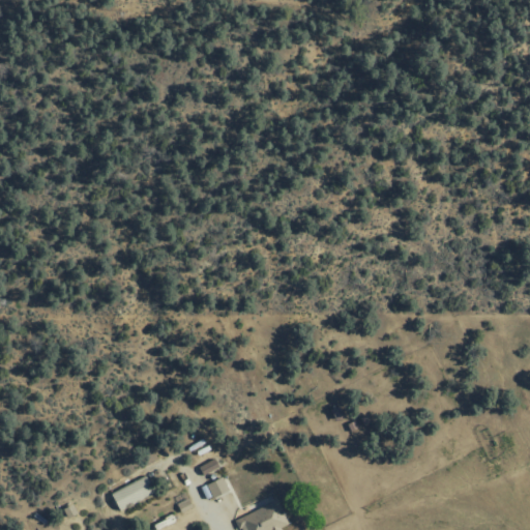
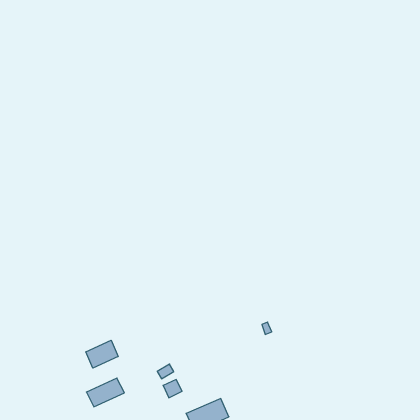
building: none -> [86,340,118,368]

